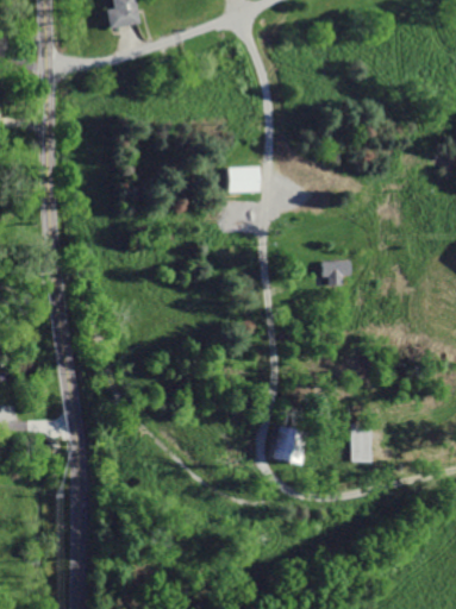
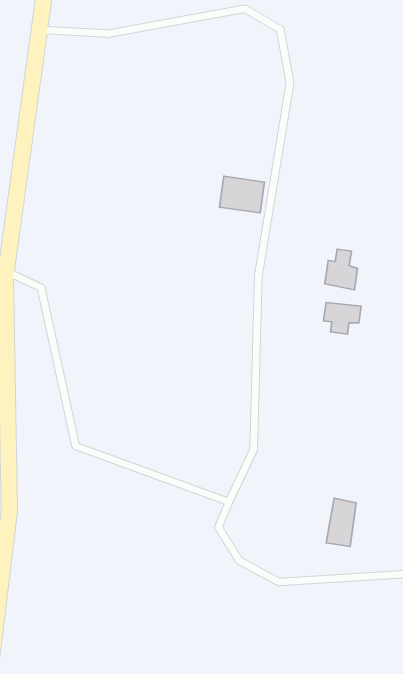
building: none -> [325,249,357,290]
building: [274,426,306,462] -> none

